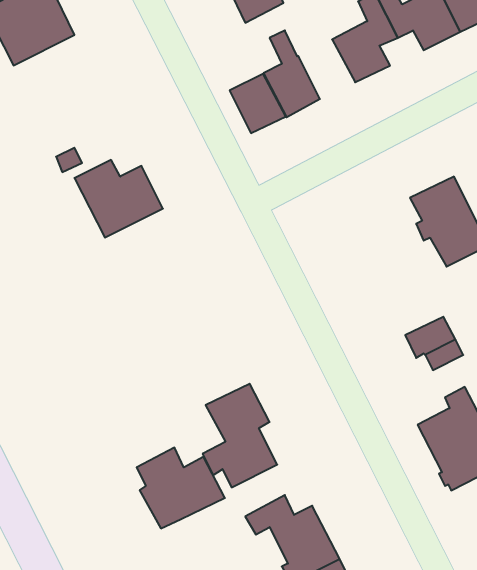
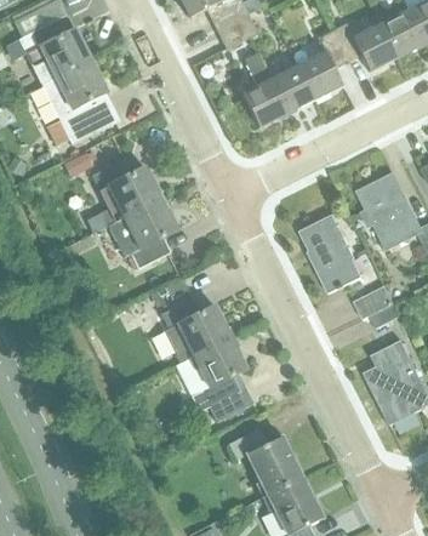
building: none -> [42,61,120,132]
building: [230,74,286,133] -> [269,64,314,112]
building: none -> [109,199,176,266]
building: none -> [299,213,359,291]
building: [137,448,225,528] -> [160,298,230,363]

